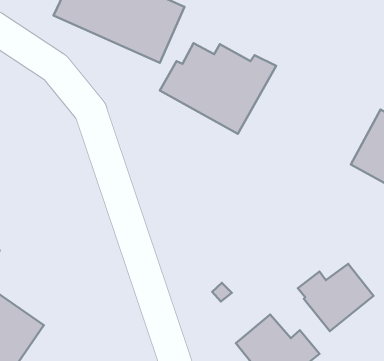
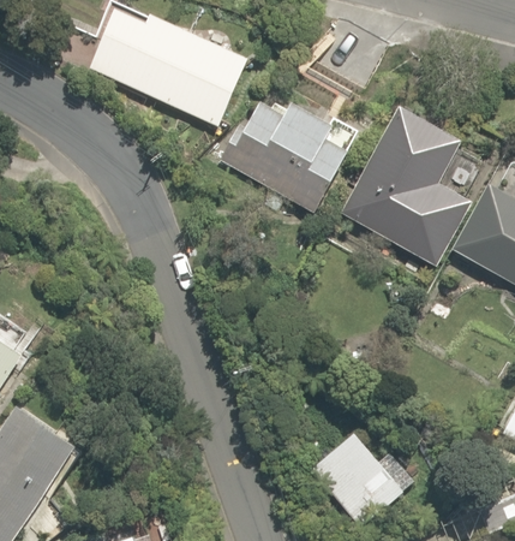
building: none -> [340,107,472,267]
building: [298,264,373,331] -> none

